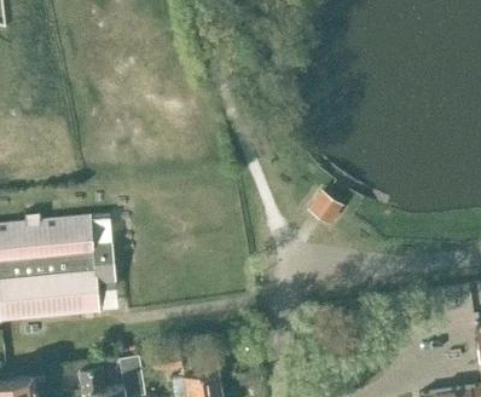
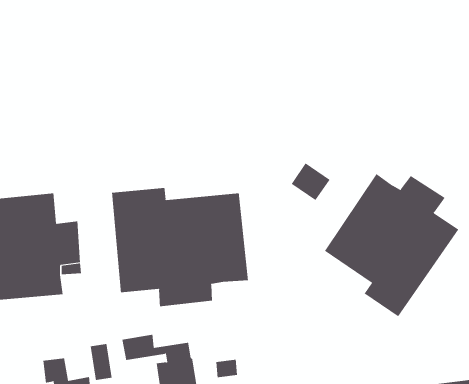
building: none -> [324,173,459,317]
building: none -> [112,187,248,307]

